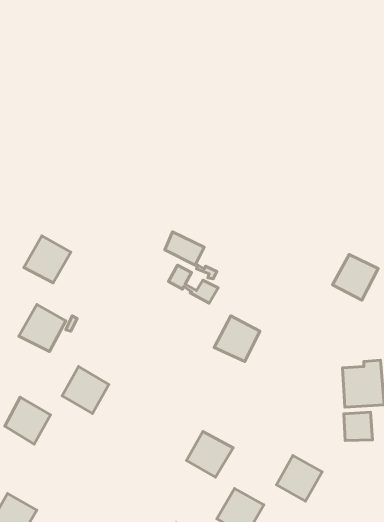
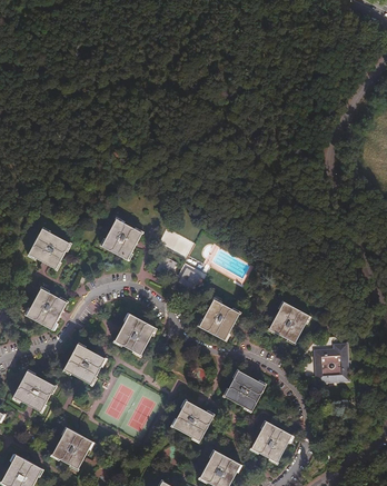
building: none -> [103,218,143,260]
building: [333,254,378,300] -> [267,300,307,340]
building: none -> [115,315,156,355]
building: none -> [224,369,265,410]
building: [344,412,372,440] -> none
building: none -> [51,428,91,469]

